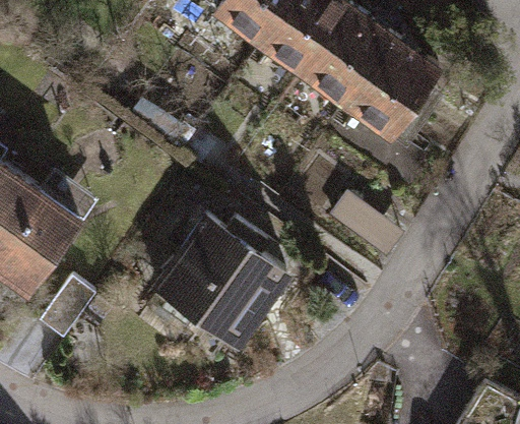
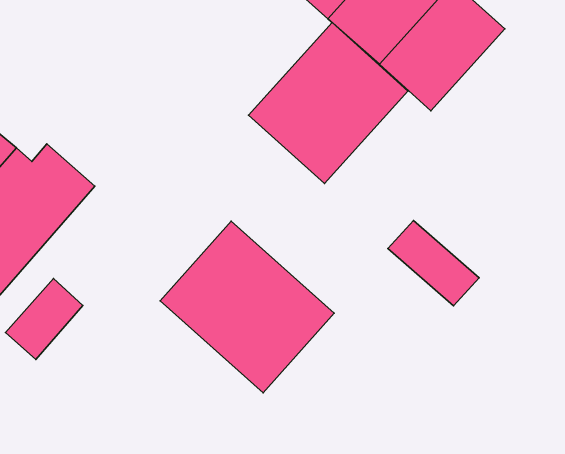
building: [347,38,442,139] -> none
building: none -> [249,23,408,184]

